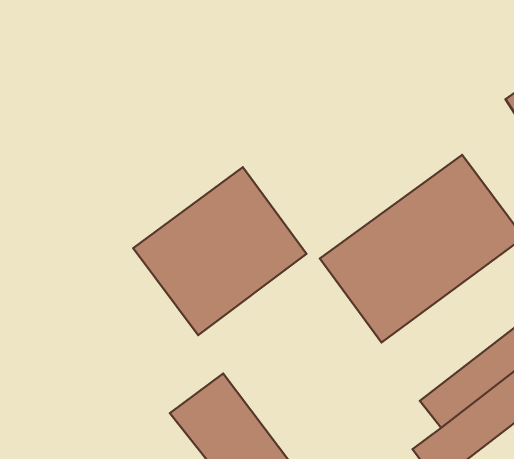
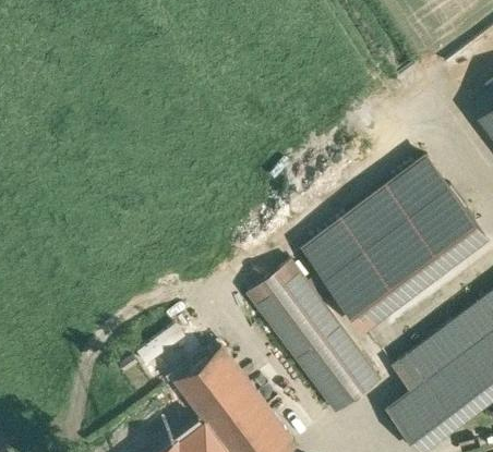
building: [133,167,307,335] -> none
building: none -> [248,262,380,414]

